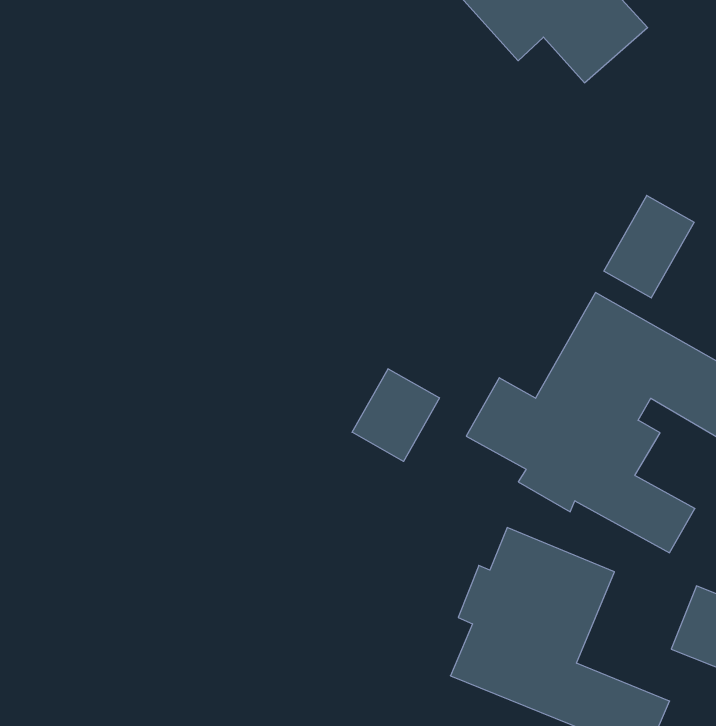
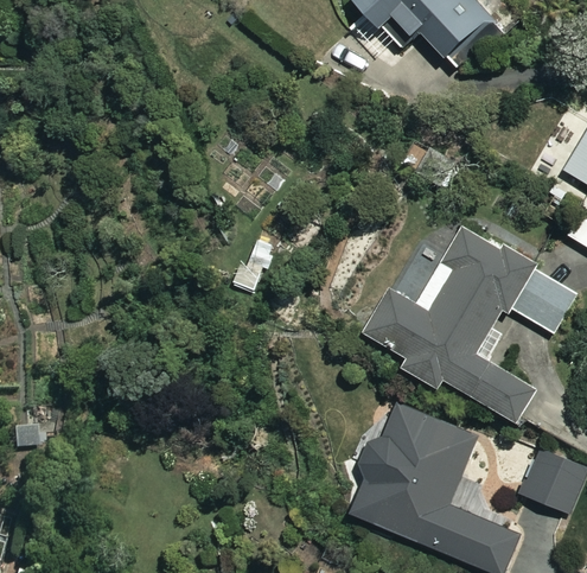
building: [604,195,694,298] -> none
building: [352,369,439,461] -> none

